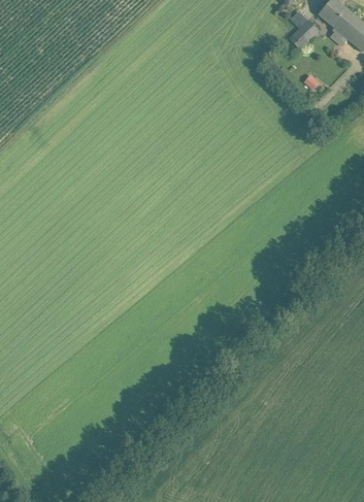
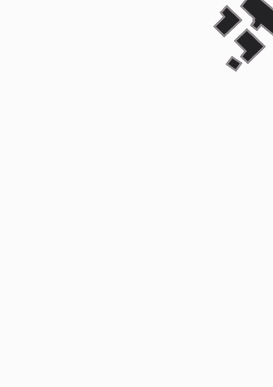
building: none -> [235,30,265,63]

